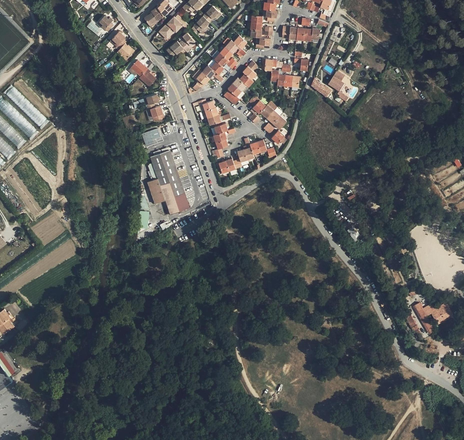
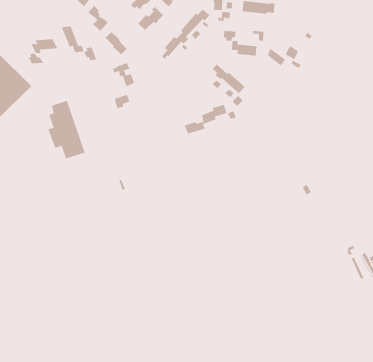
building: none -> [61,25,97,61]
building: [223,61,258,104] -> none
building: none -> [28,38,58,64]
building: [198,100,235,158] -> none
building: [147,150,189,215] -> [47,100,86,159]

